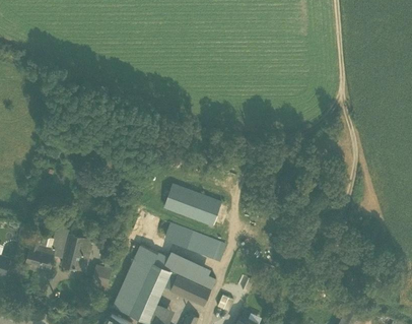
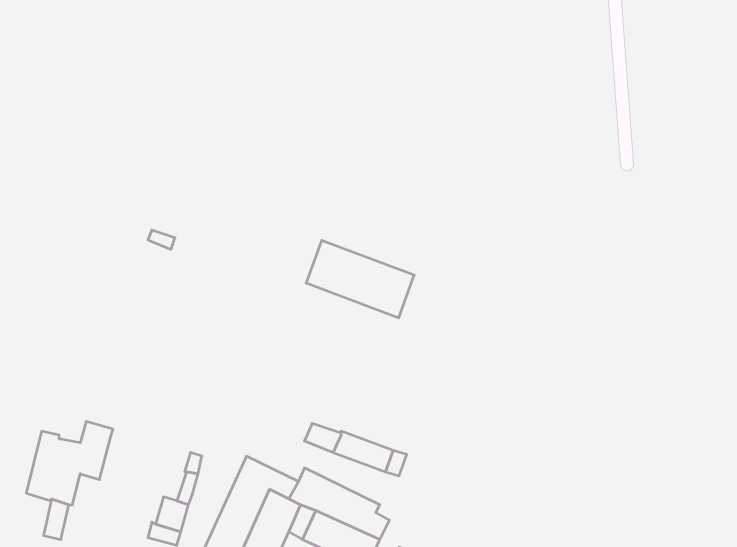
building: [163,185,220,225] -> [306,240,414,318]
building: [61,236,92,272] -> none

